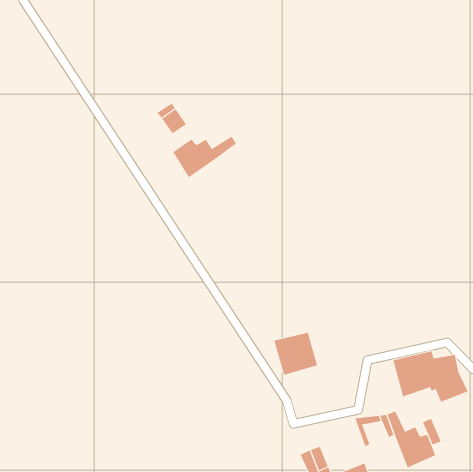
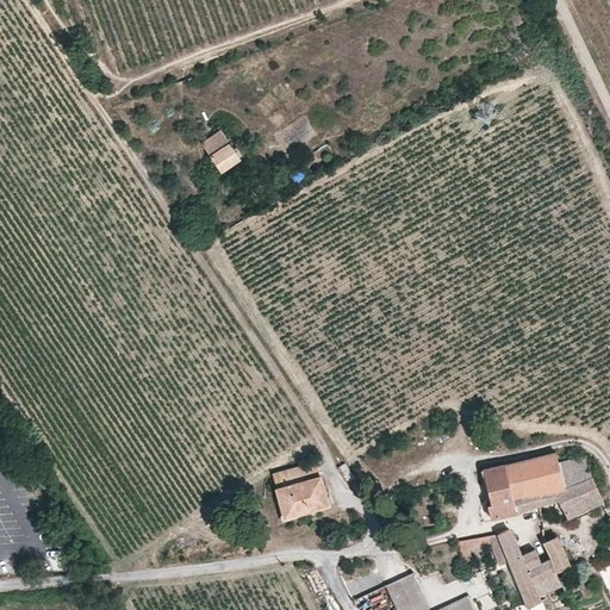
building: [172,136,237,178] -> none
building: [273,332,318,376] -> [272,462,329,518]
building: none -> [484,465,518,518]

